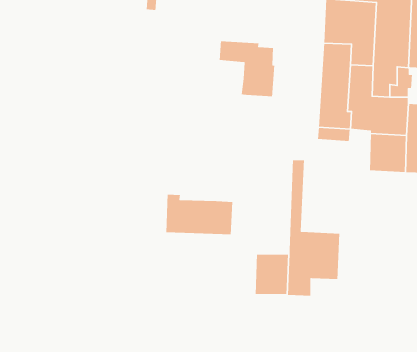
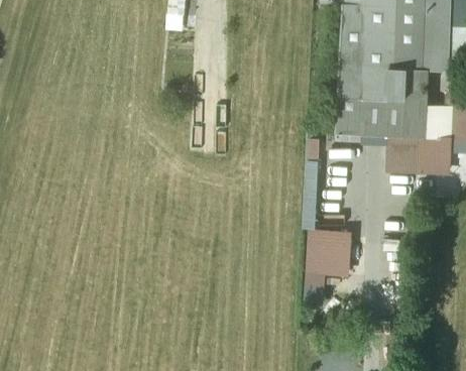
building: [219,41,275,97] -> none
building: [165,194,233,235] -> none
building: [255,254,289,295] -> none

